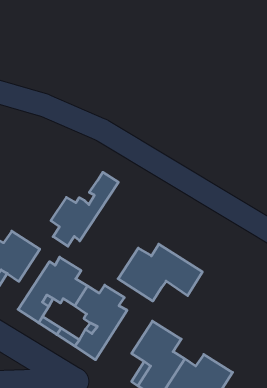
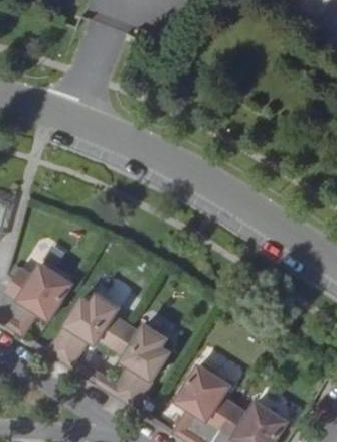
building: [51,172,118,246] -> none
building: [118,244,202,301] -> none

